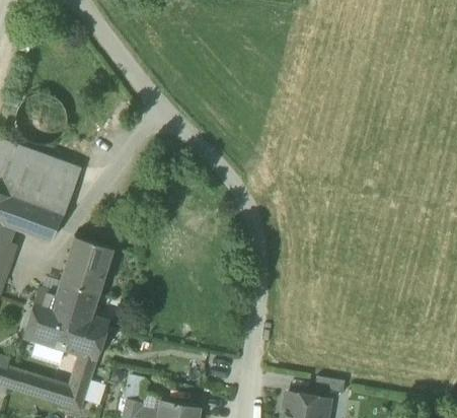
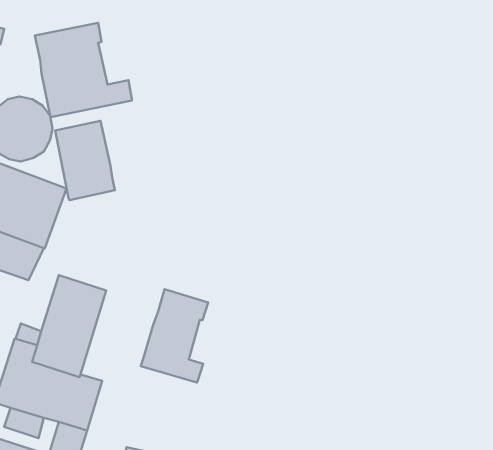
building: none -> [35,23,132,117]
building: none -> [55,121,115,200]
building: none -> [141,289,208,382]

